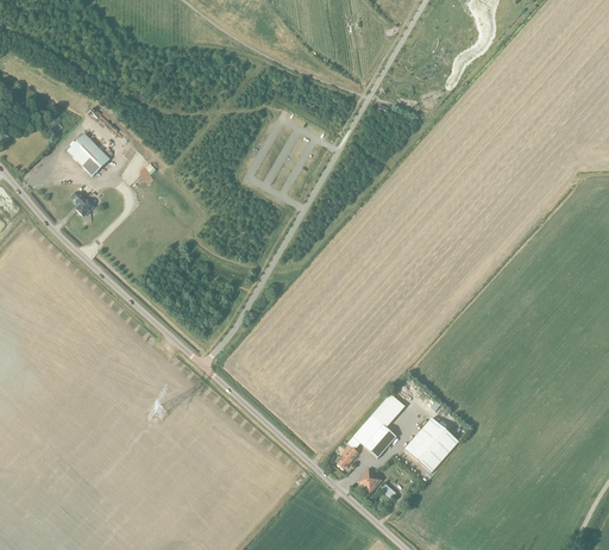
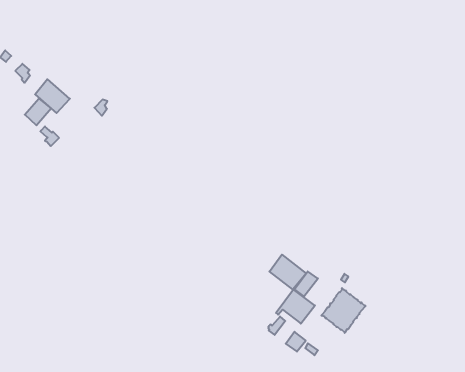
building: none -> [25,98,51,125]
building: none -> [269,255,306,290]

